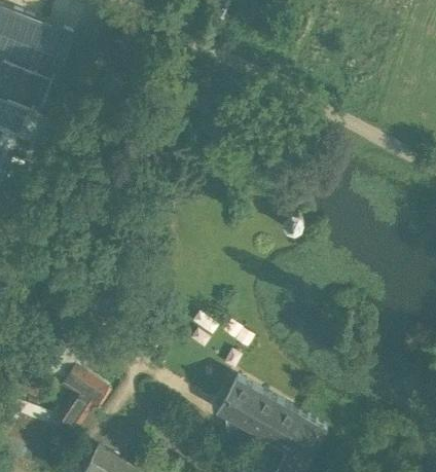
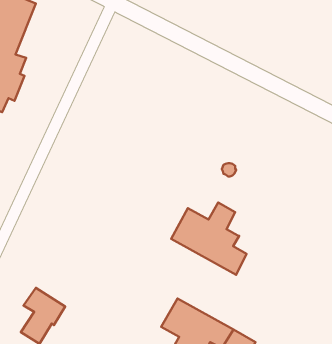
building: none -> [171,202,247,275]

